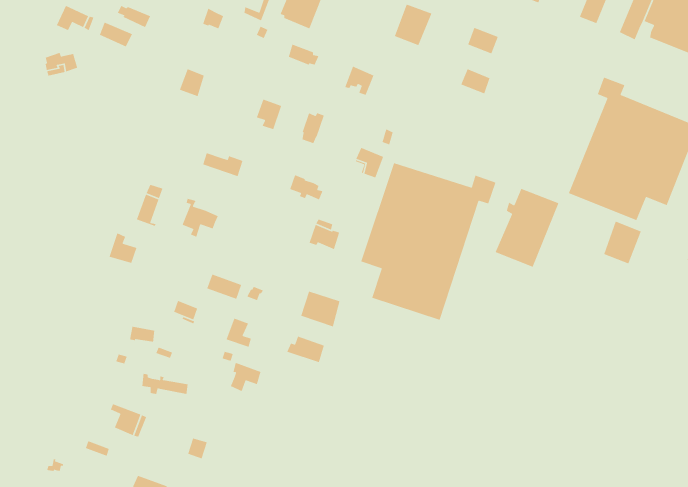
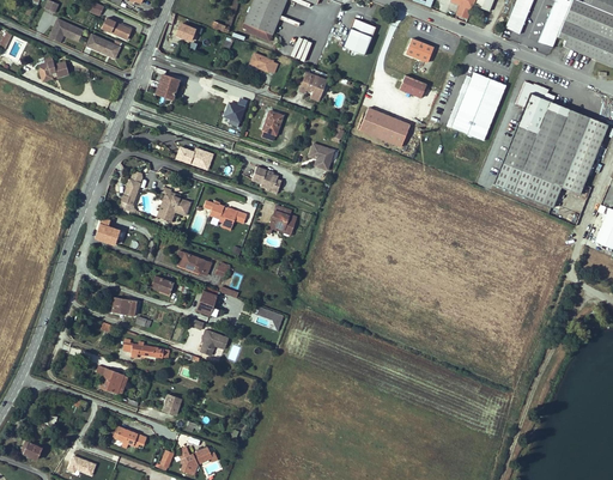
building: none -> [359,108,409,146]
building: [360,162,496,321] -> none
building: [495,188,559,268] -> [450,72,506,141]
building: none -> [204,200,247,230]
building: [603,220,642,264] -> none
building: [300,290,341,327] -> none

